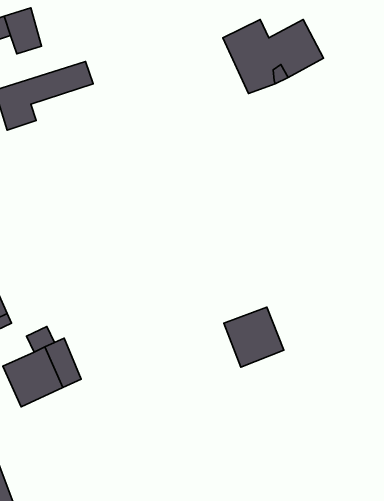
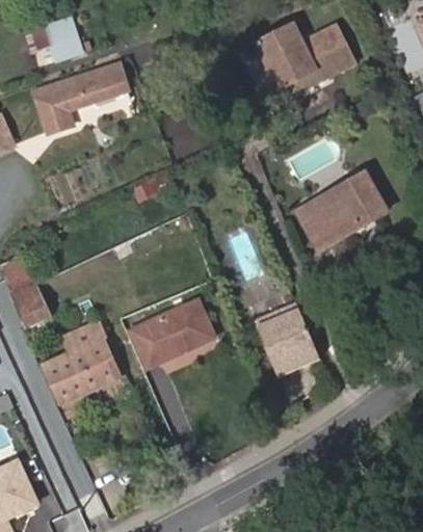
building: none -> [294,171,385,249]
building: none -> [143,299,213,361]

